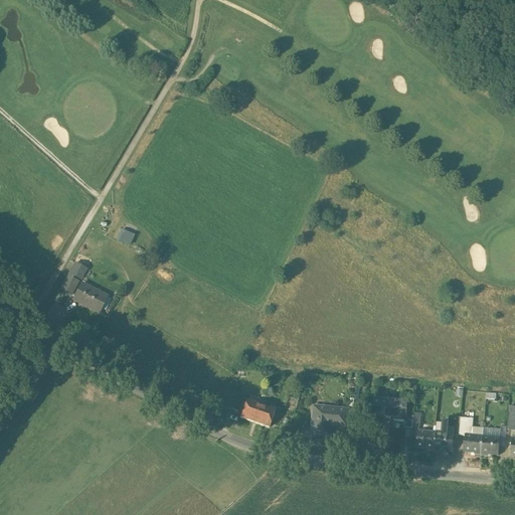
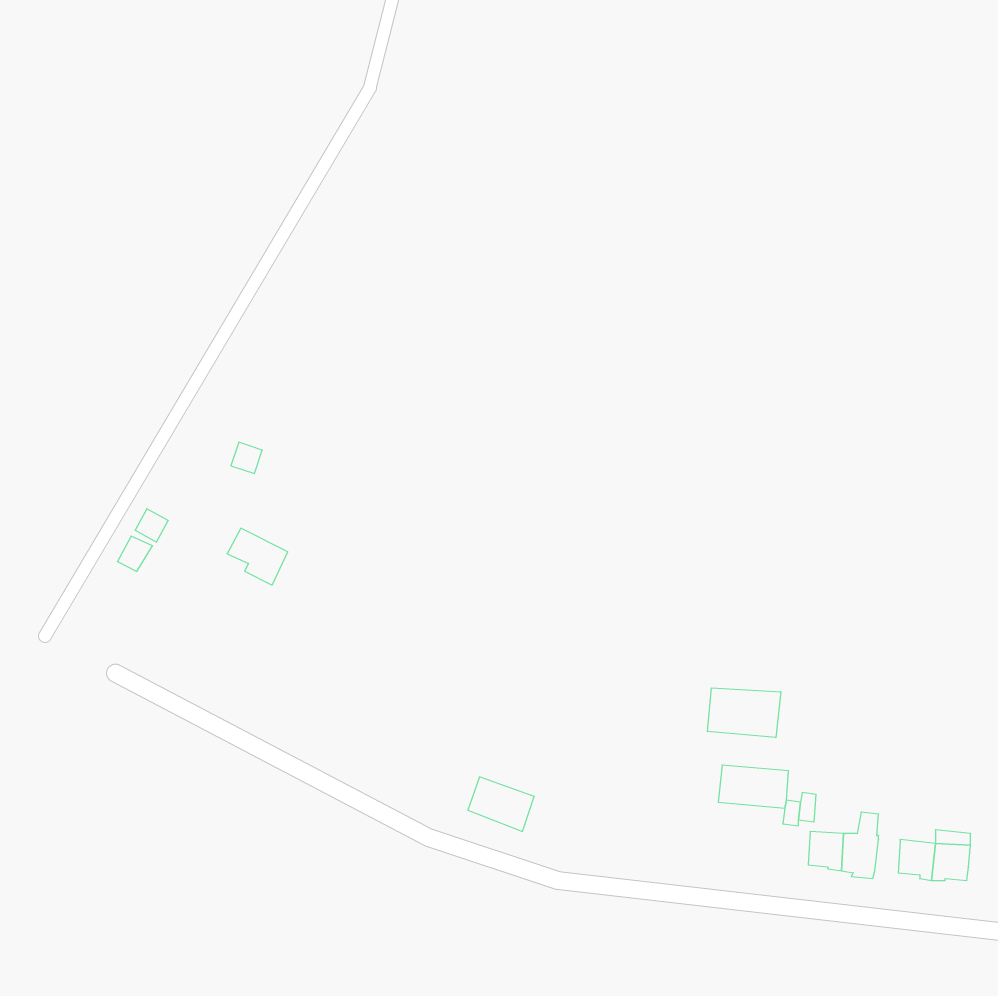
building: [75,283,107,312] -> [227,528,288,585]
building: none -> [707,688,781,738]
building: [311,404,347,434] -> none

